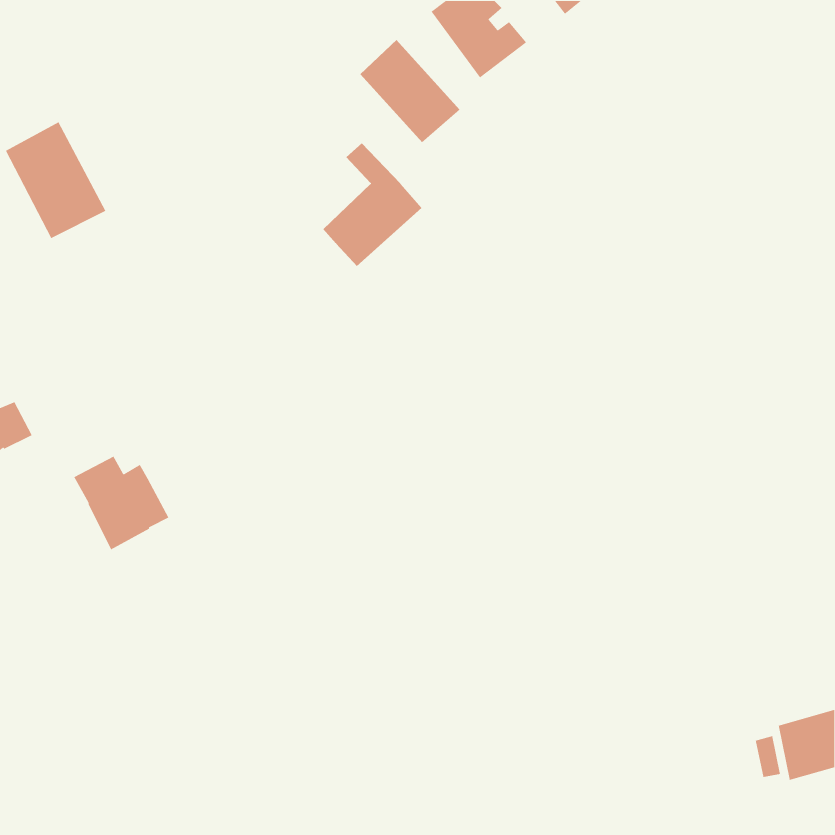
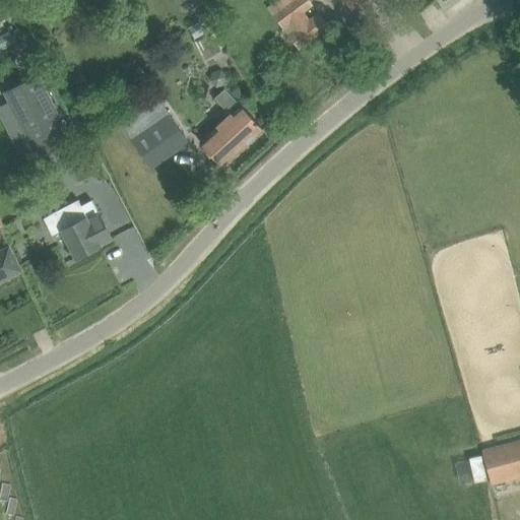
building: [359,39,460,143] -> none
building: none -> [127,109,183,169]
building: [73,456,170,551] -> [52,201,112,260]

